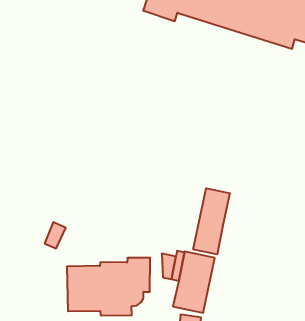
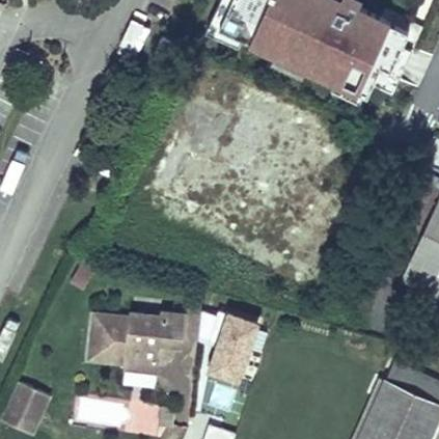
building: [193,188,230,254] -> none

